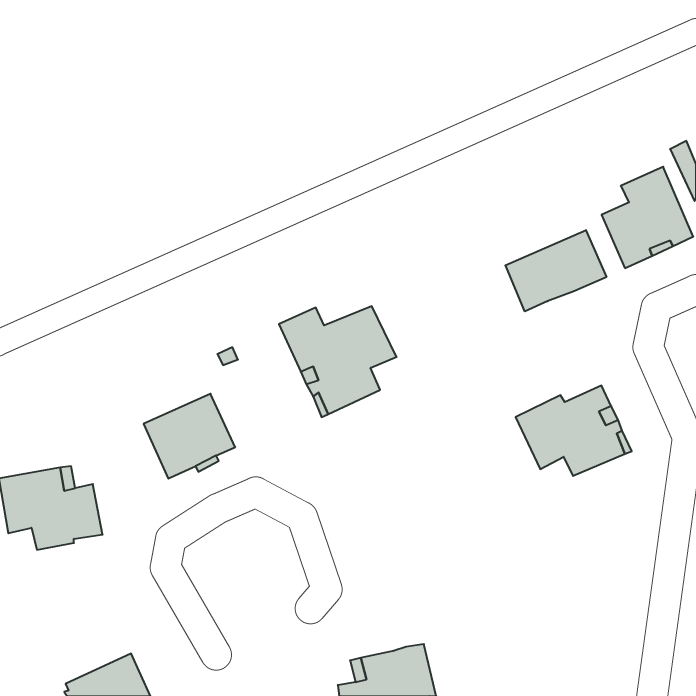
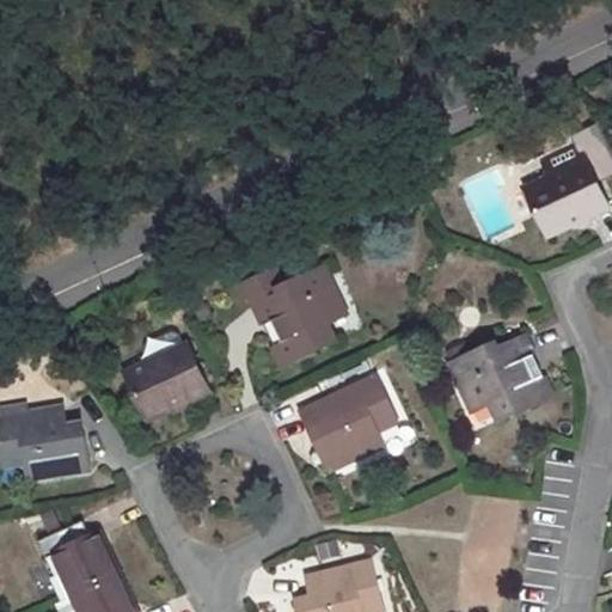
building: [505,230,606,311] -> none
building: none -> [304,378,396,467]
building: none -> [37,521,115,598]

